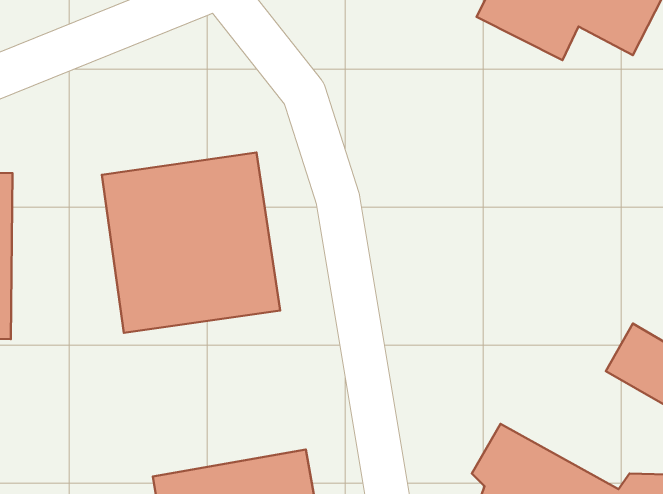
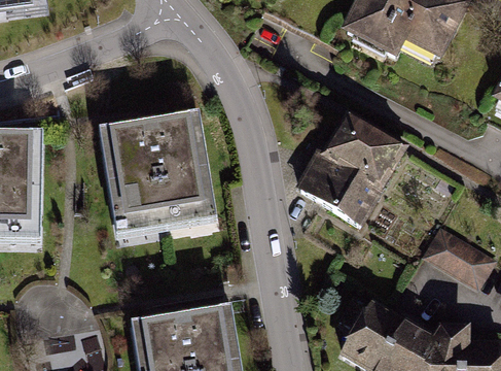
building: none -> [299,114,403,224]

